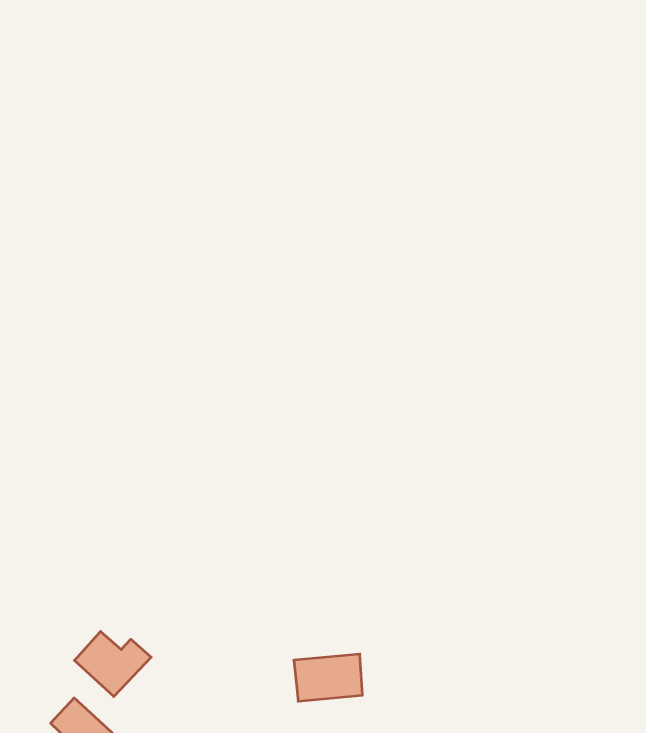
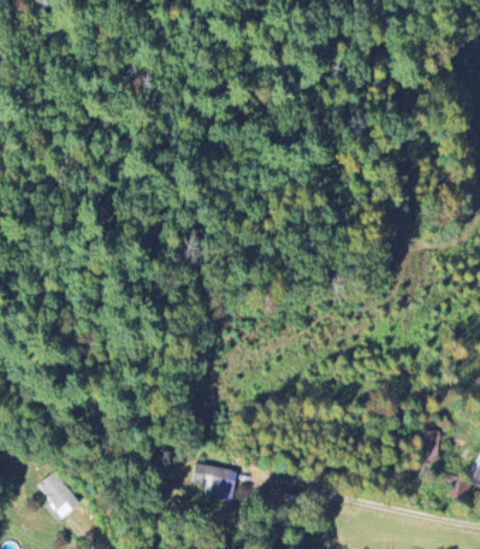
building: [74,631,151,697] -> none

